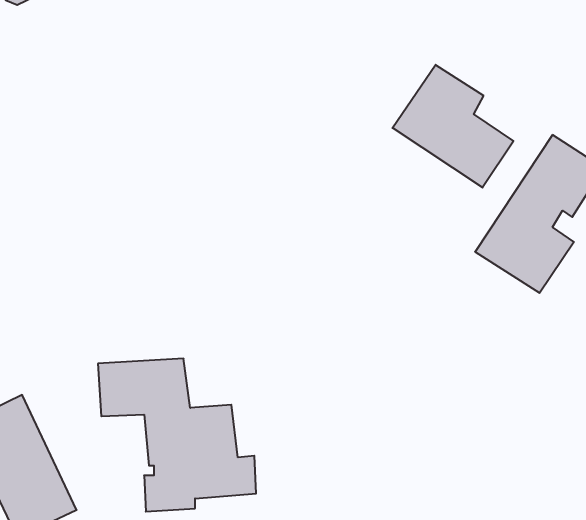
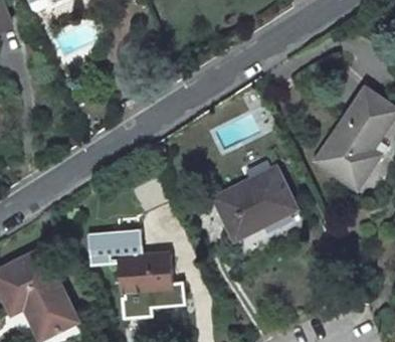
building: [392,65,513,188] -> none
building: none -> [215,169,294,239]

